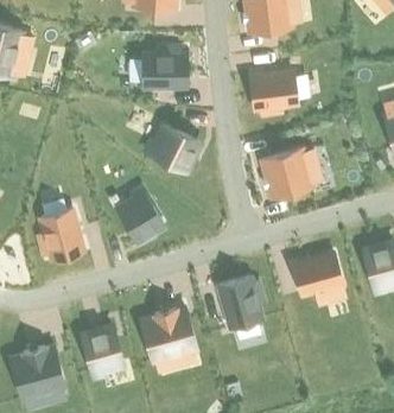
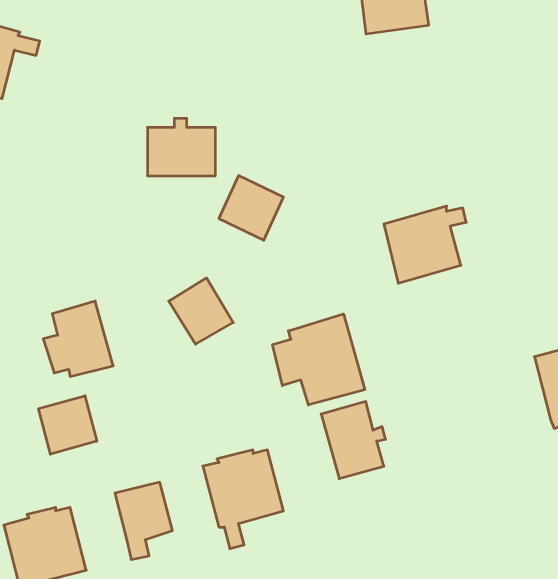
building: [141,47,186,85] -> [147,118,215,176]
building: [249,71,298,112] -> none
building: none -> [273,314,365,405]
building: [292,254,343,305] -> none
building: none -> [39,396,97,454]

